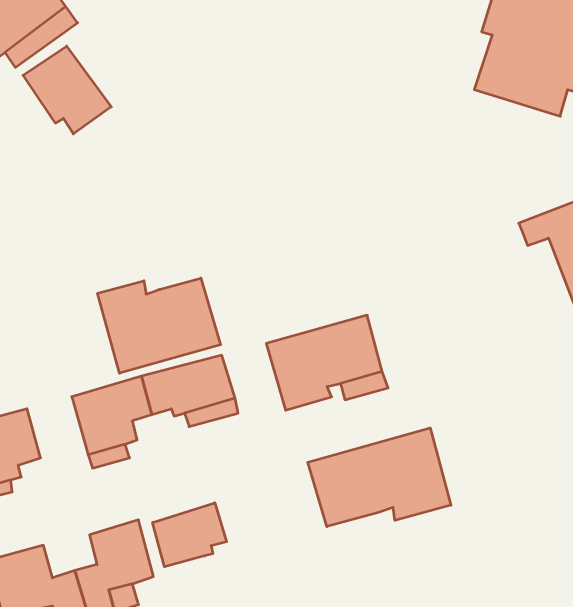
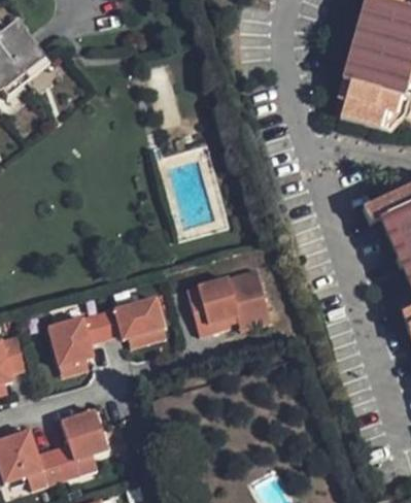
building: [23,46,111,134] -> none
building: [98,278,221,373] -> none
building: [308,428,451,527] -> none
building: [153,503,227,567] -> none

